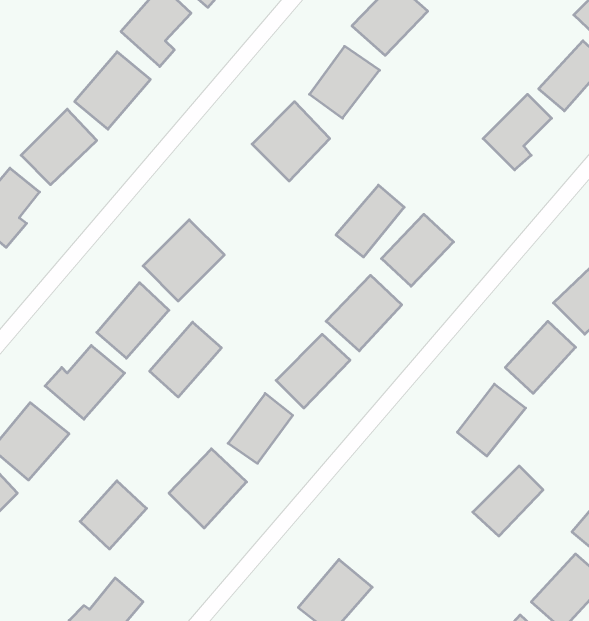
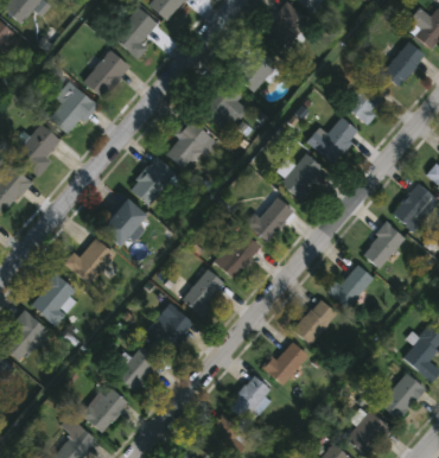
building: none -> [163,121,211,168]
building: [336,185,404,257] -> [314,116,358,163]
building: [150,322,221,397] -> none
building: [473,466,543,536] -> [291,299,336,344]
building: [80,481,147,549] -> [115,348,158,392]
building: none -> [263,339,306,384]

